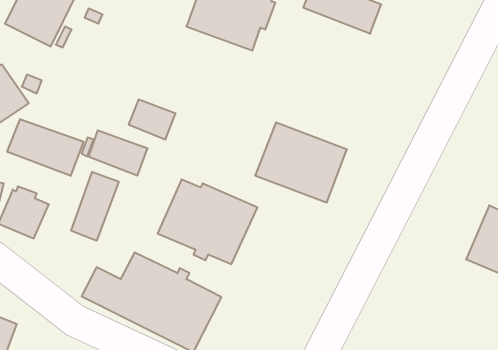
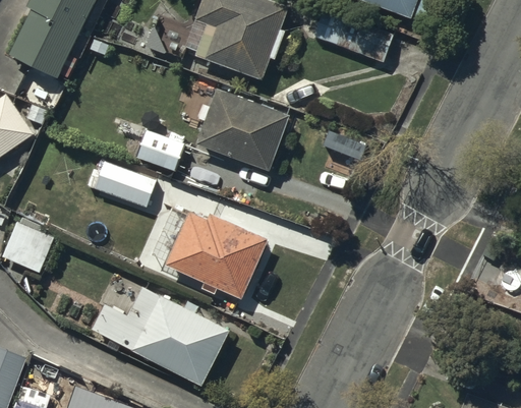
building: [7,119,83,176] -> none
building: [255,122,347,202] -> [196,90,290,171]
building: [71,172,119,241] -> none

